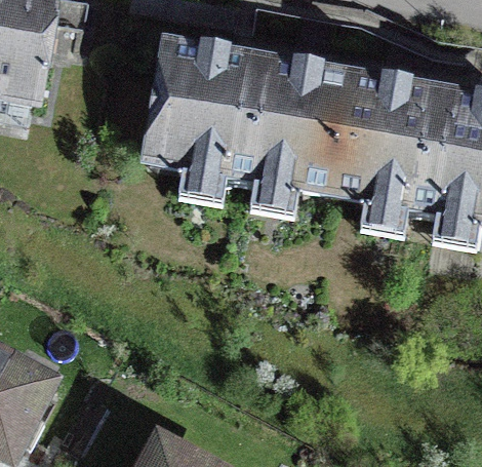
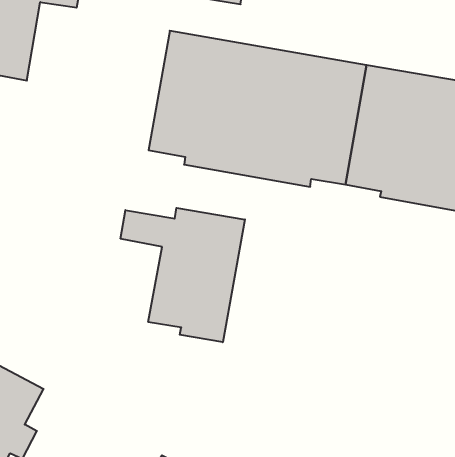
building: none -> [121,208,245,342]

